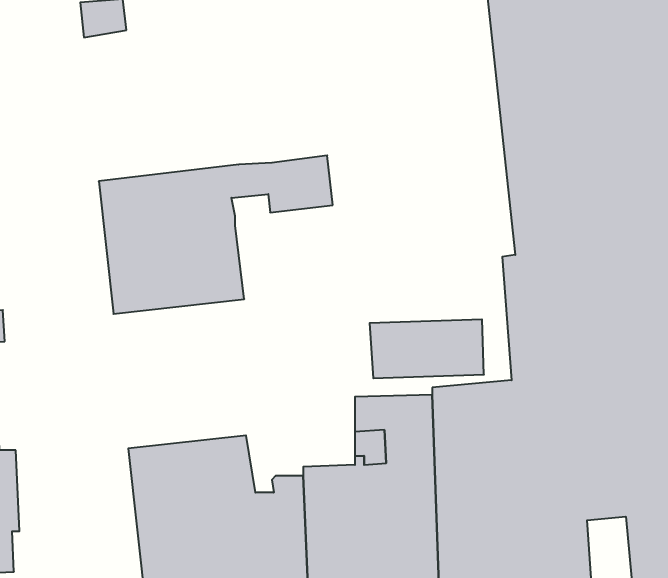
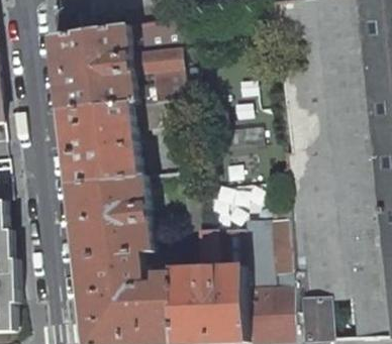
building: none -> [55,16,187,111]
building: none -> [70,176,155,257]

